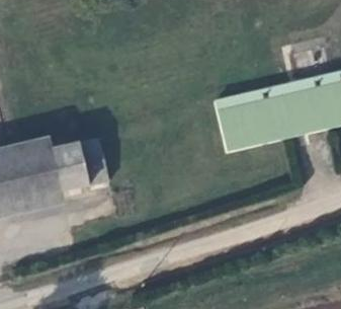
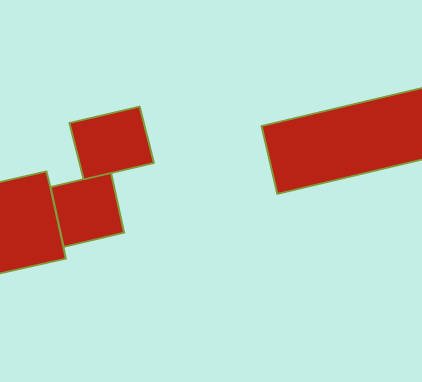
building: none -> [69,106,154,179]

